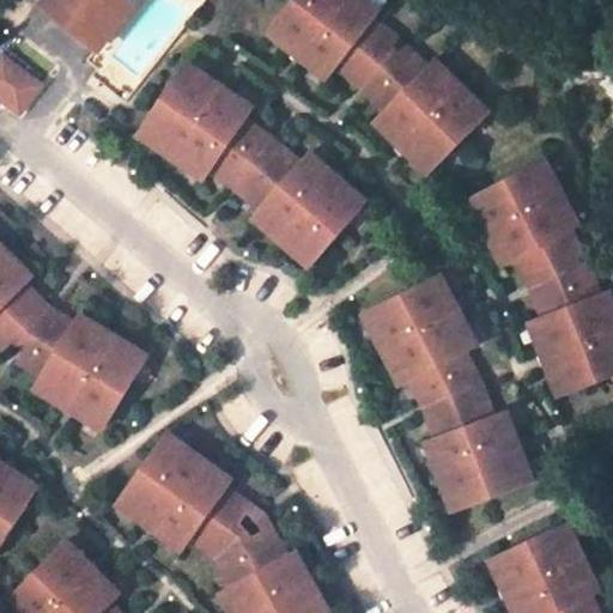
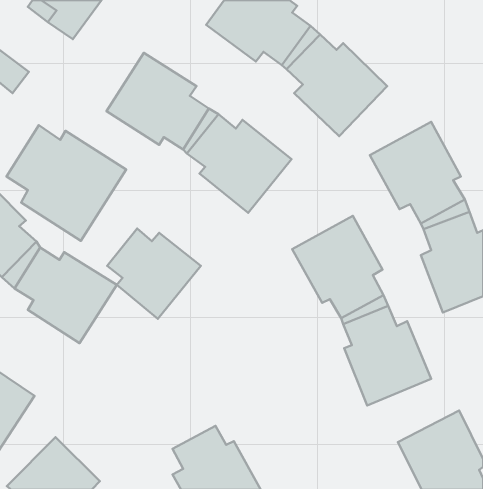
building: none -> [6,125,126,241]
building: none -> [107,229,201,319]
building: [116,436,245,556] -> none

